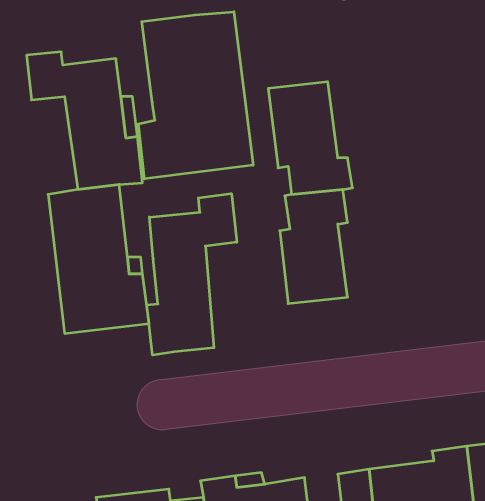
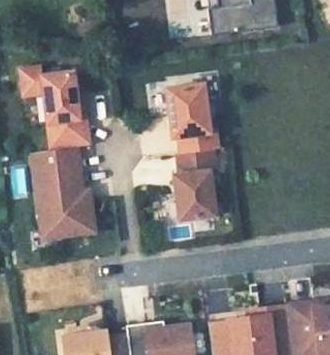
building: [138,12,253,179] -> none
building: [147,194,237,355] -> none

